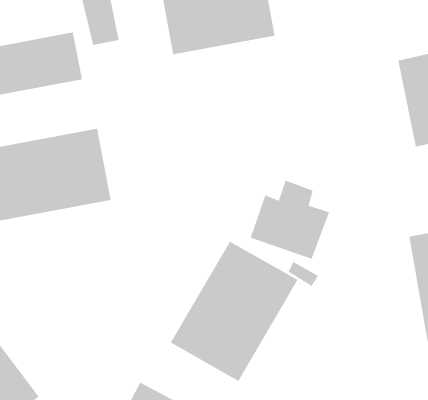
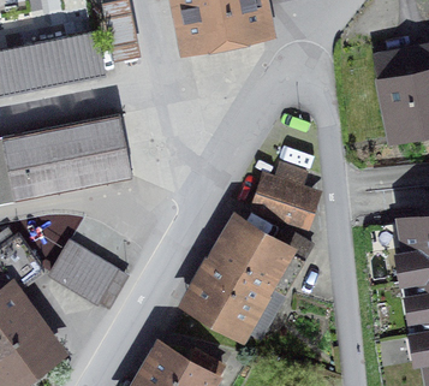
building: none -> [49,243,129,311]

